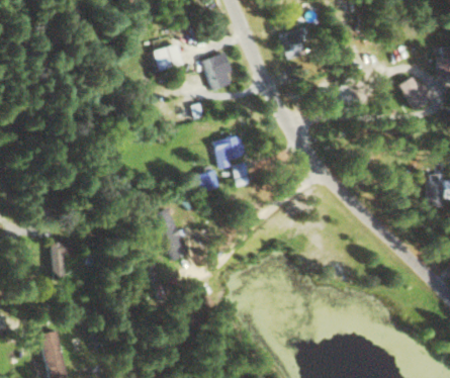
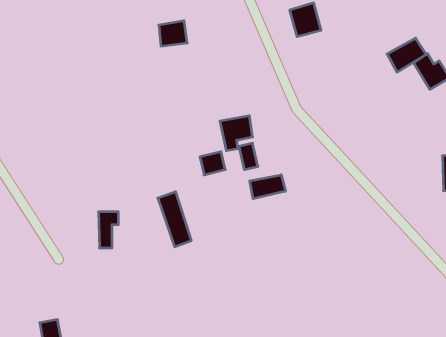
building: [202,52,232,88] -> none
building: none -> [387,38,426,72]
building: none -> [250,175,285,199]
building: [51,241,70,275] -> [98,212,118,248]

